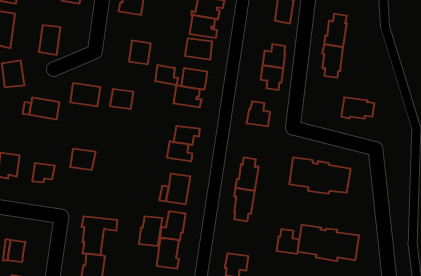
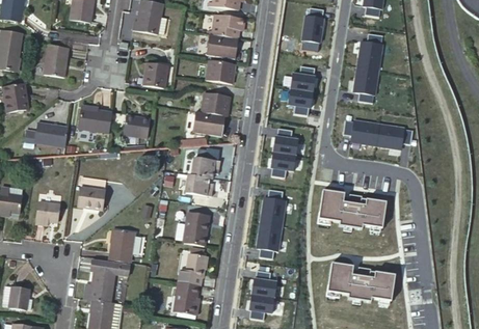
building: [155,65,178,85] -> none
building: none -> [343,120,379,145]
building: none -> [270,153,296,179]
building: [139,216,163,246] -> [110,224,136,256]
building: [276,229,299,254] -> [251,271,276,298]

